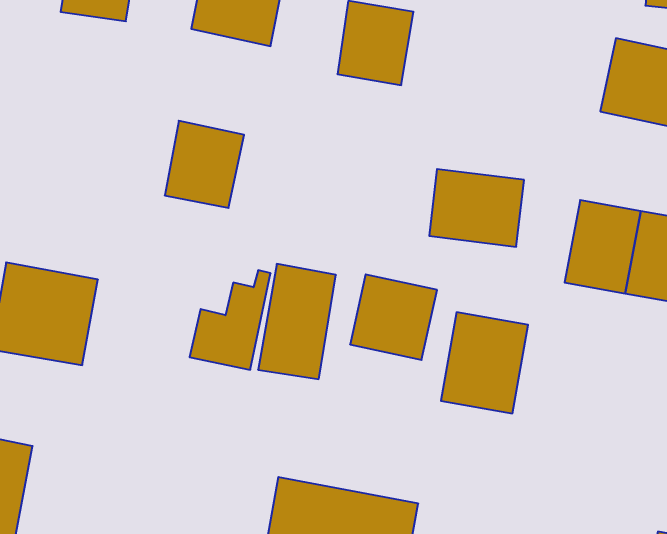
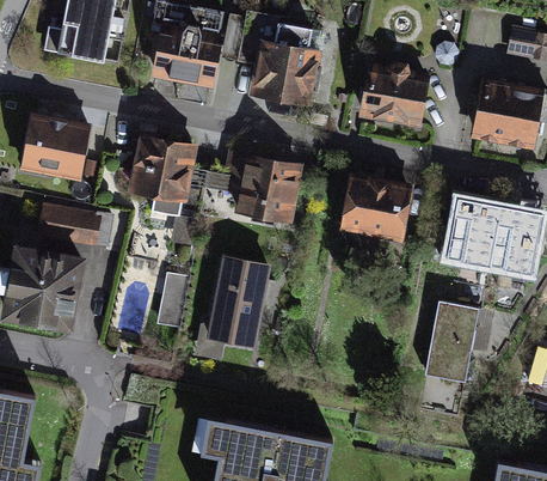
building: none -> [355,60,429,123]
building: none -> [24,115,97,183]
building: none -> [38,203,100,248]
building: [350,274,437,360] -> [234,157,301,223]
building: [441,312,528,413] -> [419,308,486,385]

